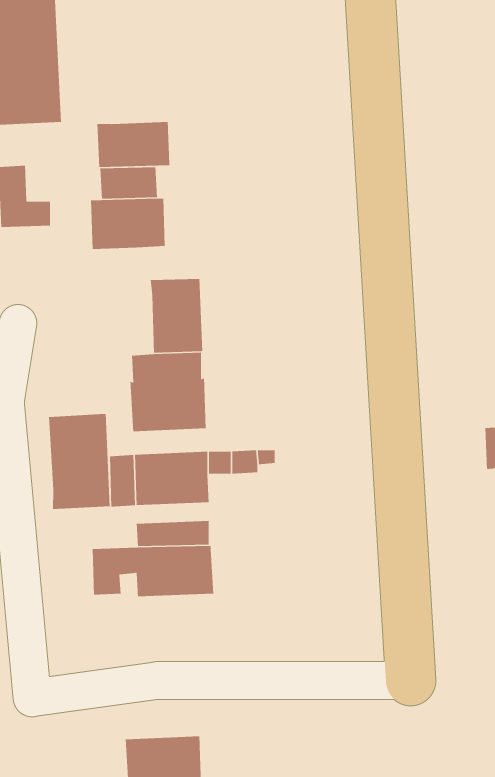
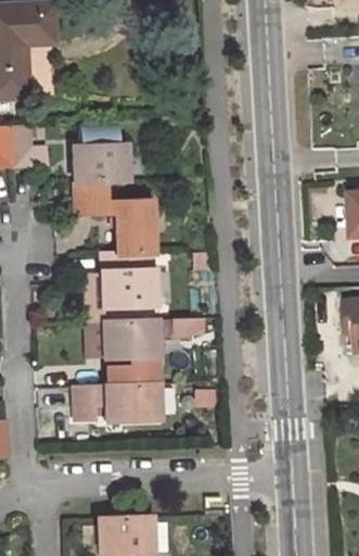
building: [97,121,170,168] -> none
building: none -> [74,179,107,213]
building: [48,413,111,510] -> none

